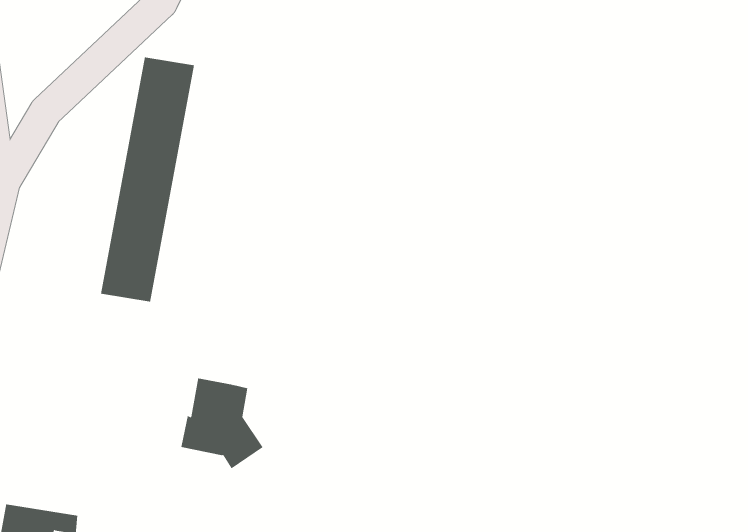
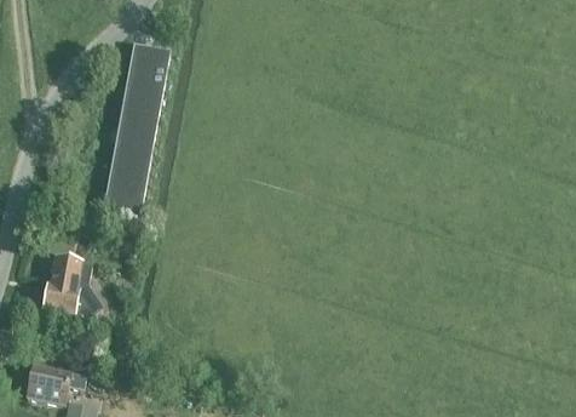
building: [181,378,263,469] -> [42,258,102,324]

